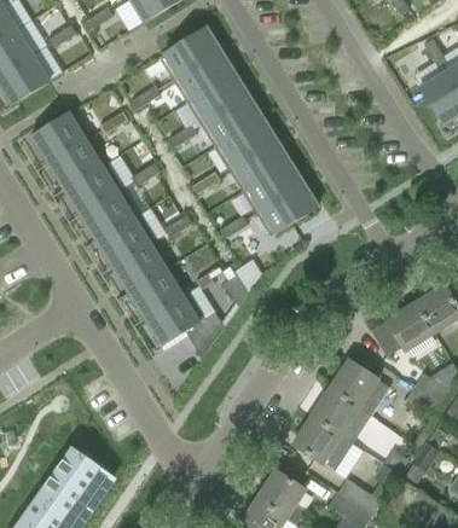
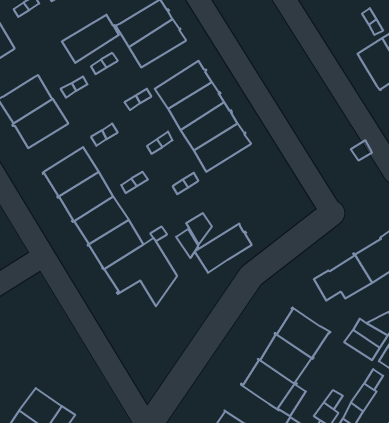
building: [185,72,247,124] -> [62,15,119,63]
building: [62,162,122,214] -> none
building: [255,184,317,237] -> [195,224,252,273]

